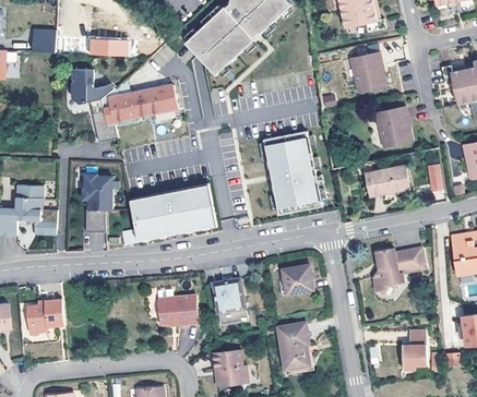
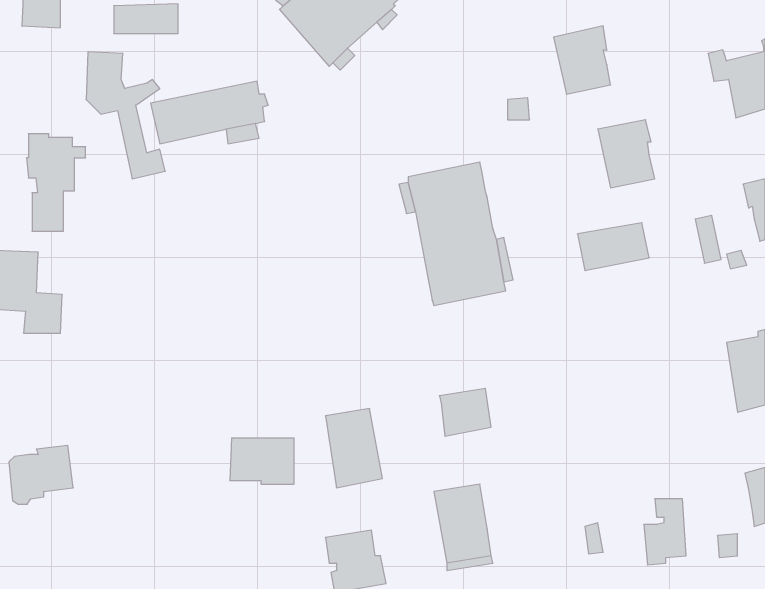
building: [84,172,119,230] -> [27,134,86,231]
building: [131,184,216,243] -> none
building: [373,249,425,297] -> none

